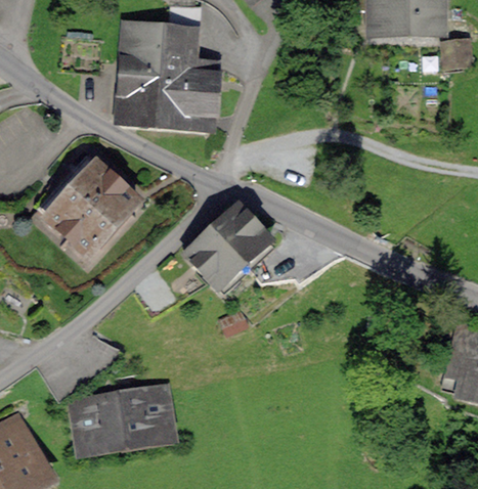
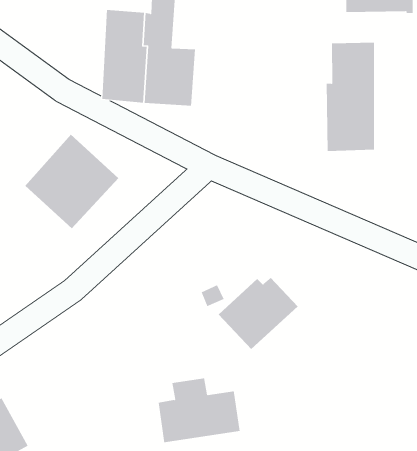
building: none -> [326,42,375,152]
building: [186,211,270,286] -> [218,277,298,350]
building: [82,383,168,450] -> [158,378,240,443]

